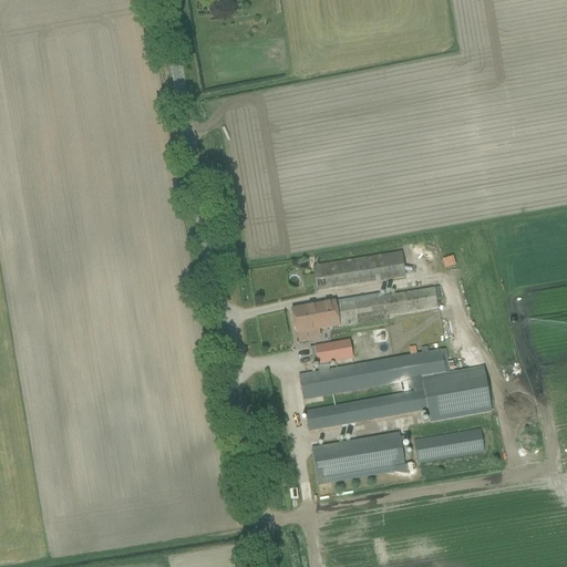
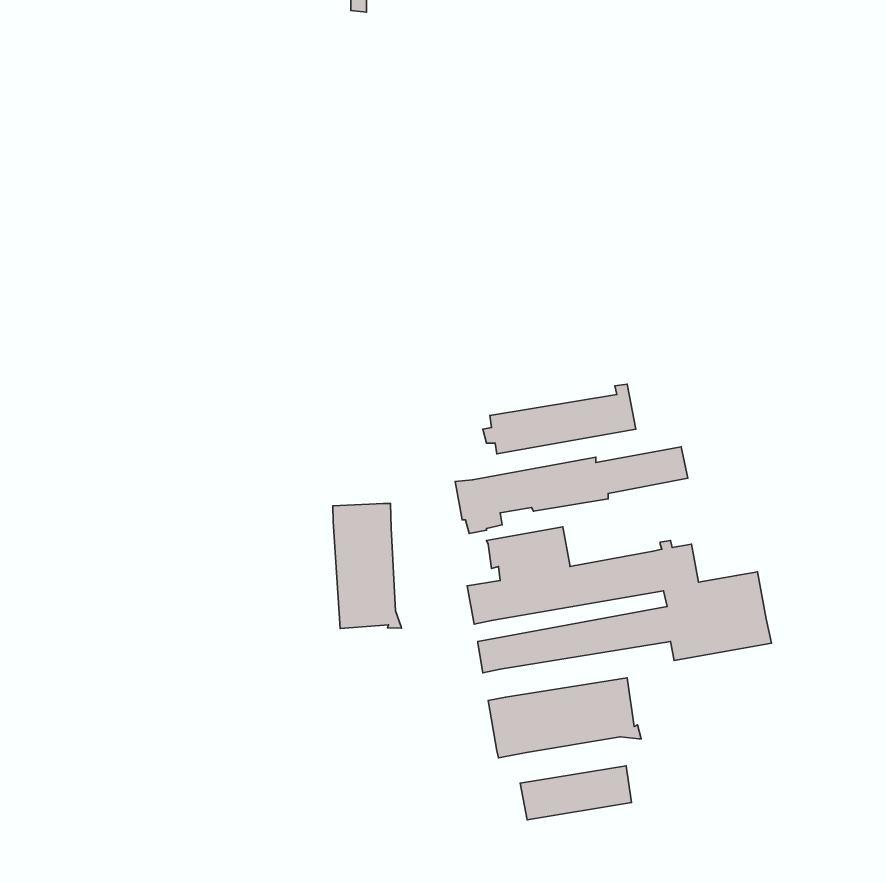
building: none -> [333,503,402,628]
building: [414,426,485,461] -> [520,766,631,820]

